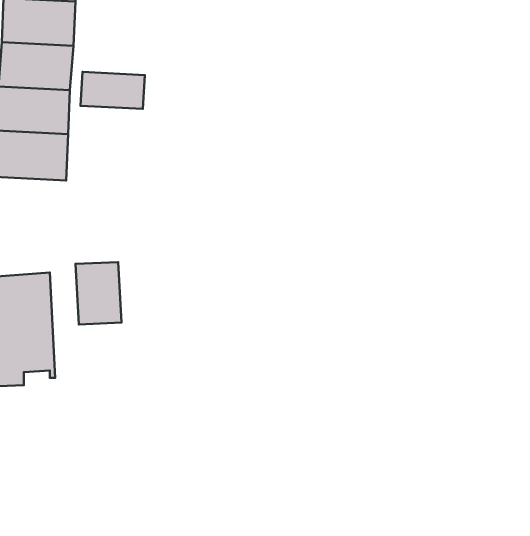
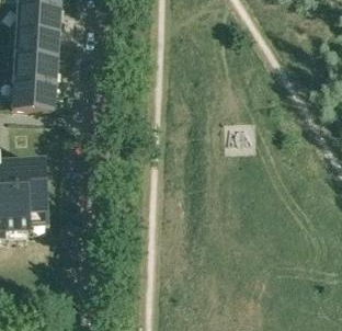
building: [80,72,145,109] -> none
building: [76,262,121,324] -> none

